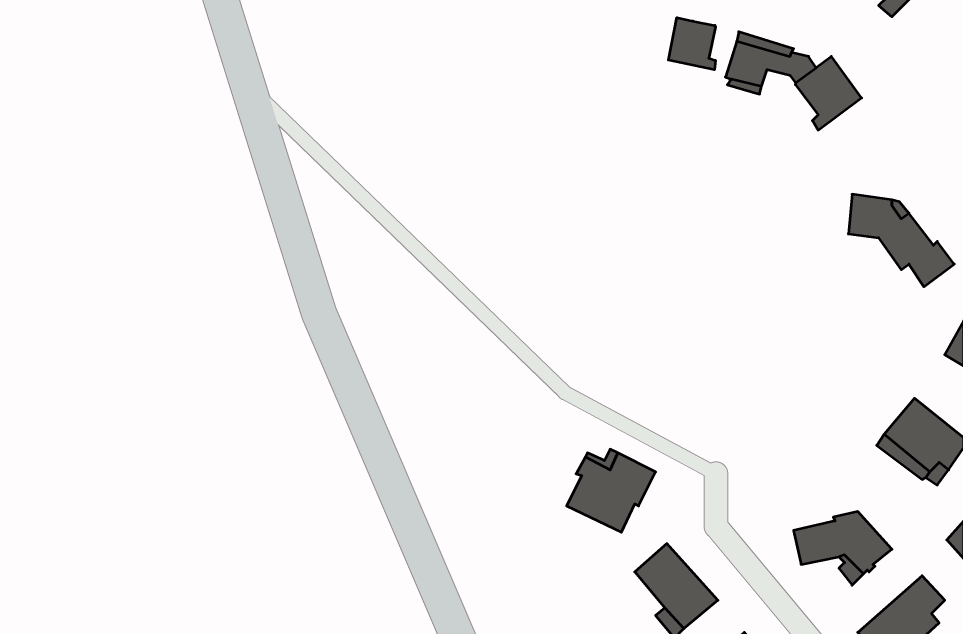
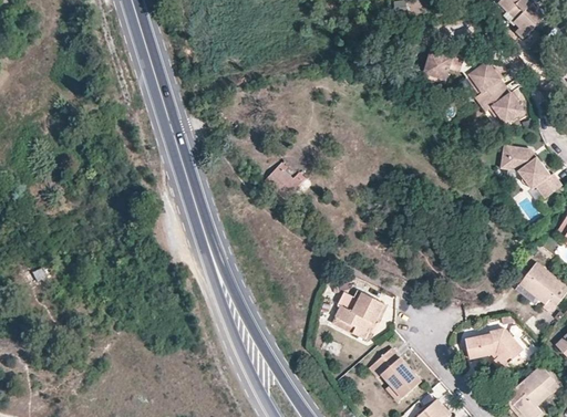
building: [668,18,716,70] -> none
building: none -> [480,85,524,125]
building: none -> [264,159,302,200]

